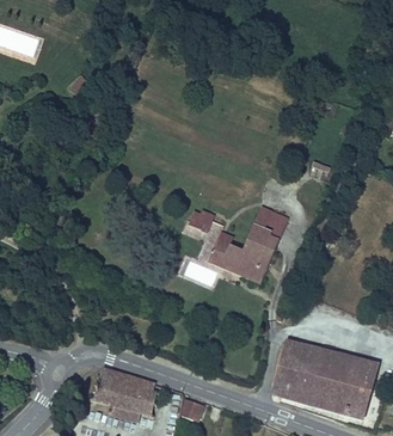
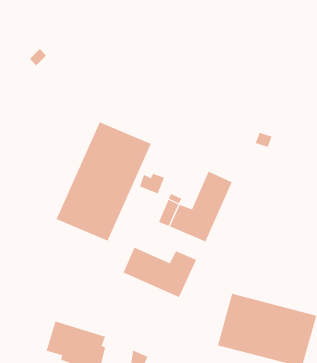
building: none -> [56,122,151,242]
building: none -> [123,247,197,298]

